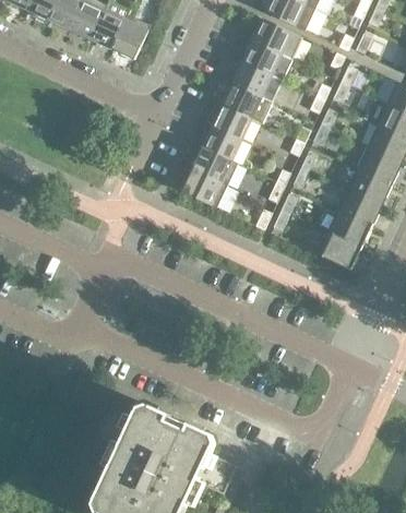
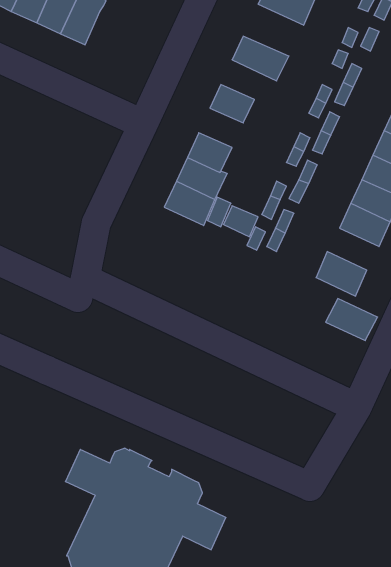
building: [111,14,150,60] -> none
building: [251,19,301,59] -> none
building: [231,62,280,103] -> none
building: [212,105,251,140] -> none
building: [325,211,371,248] -> [326,299,378,341]

